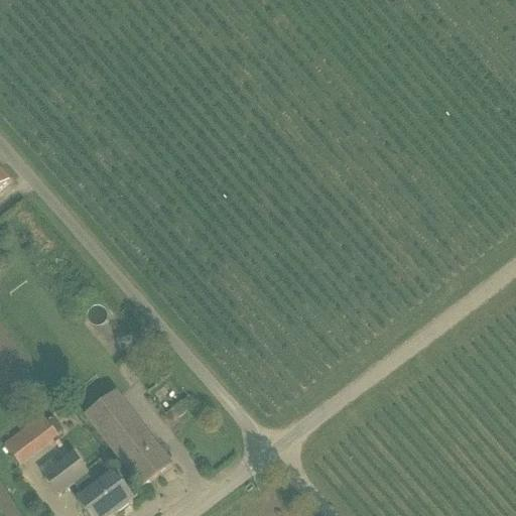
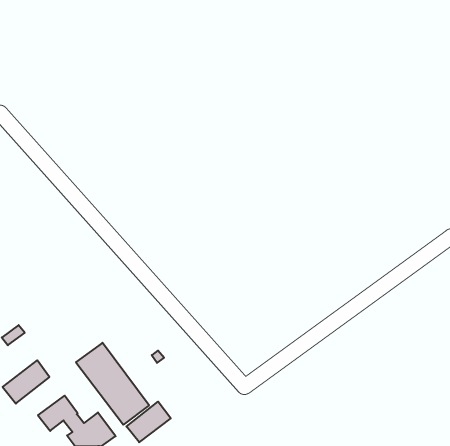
building: none -> [126,402,171,442]

